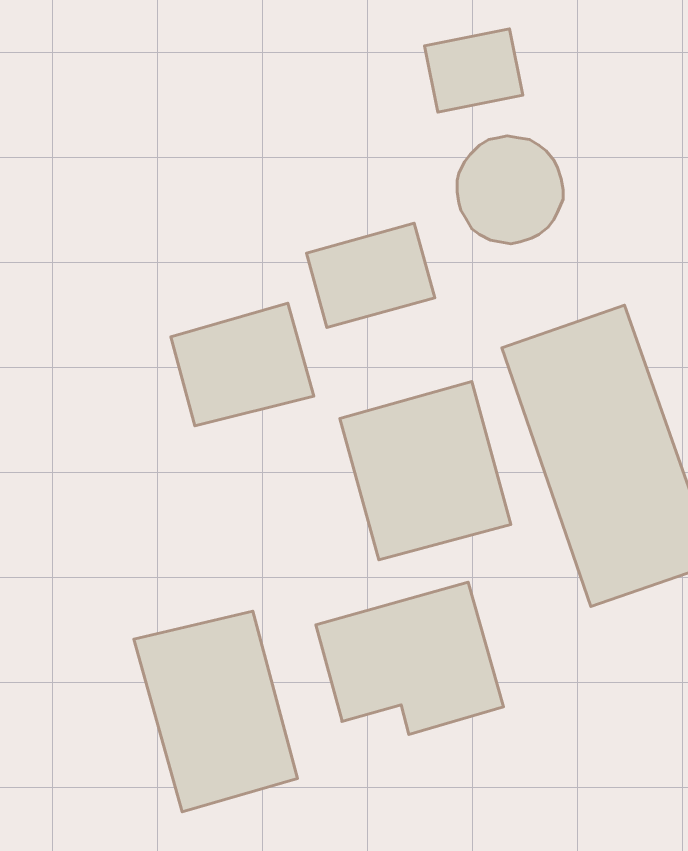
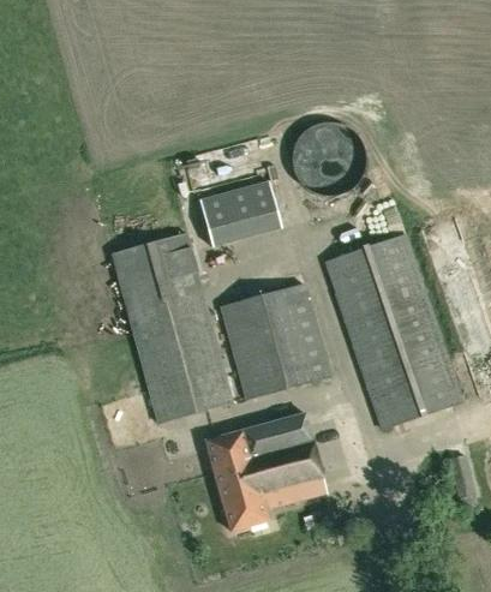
building: [425,29,523,112] -> none
building: [134,611,297,812] -> [126,293,232,423]
building: none -> [221,491,267,531]

